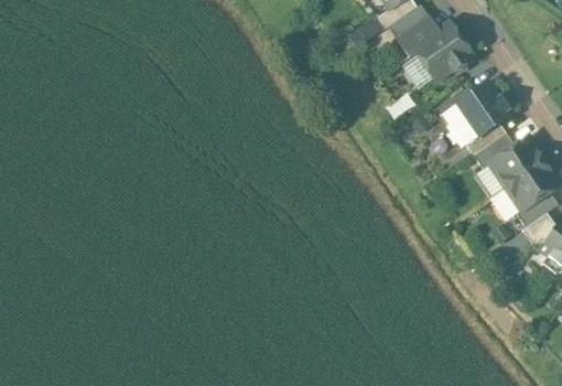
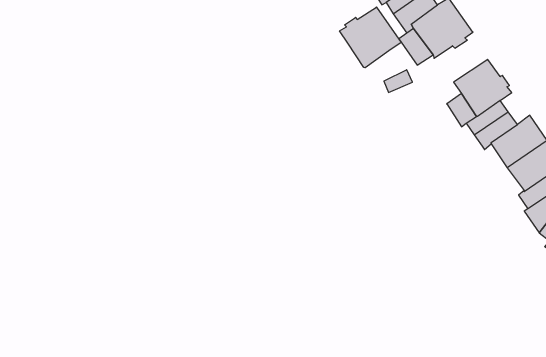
building: none -> [340,7,401,68]

